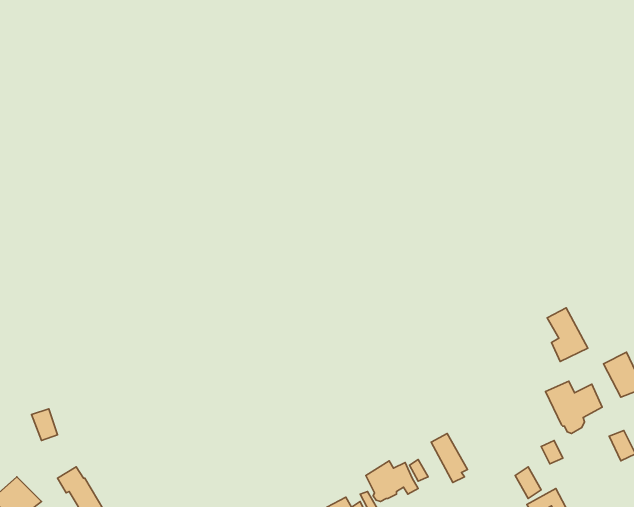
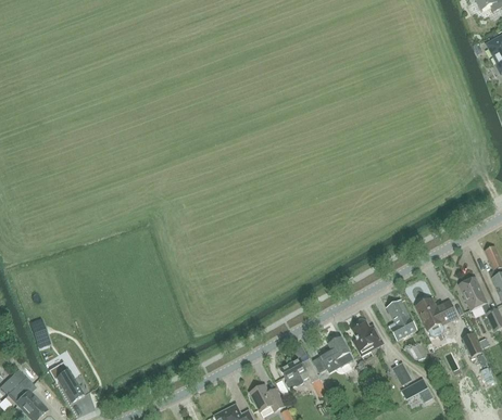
building: [547,308,588,361] -> [387,300,417,340]
building: none -> [352,316,382,353]

